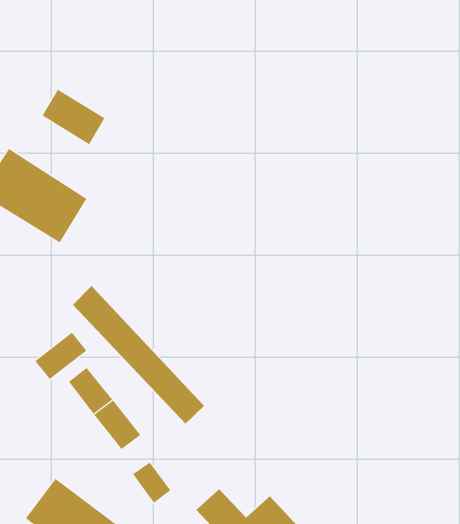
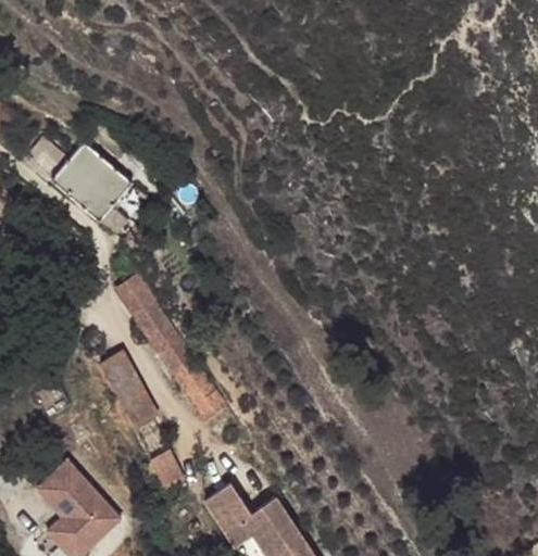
building: [42,89,105,145] -> none
building: [34,332,87,380] -> none

